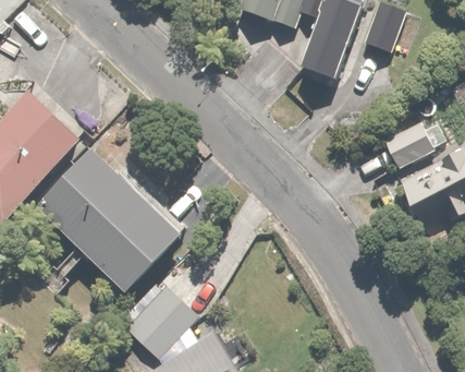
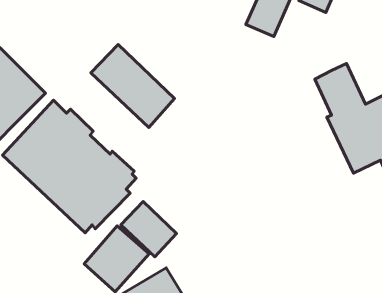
building: none -> [91,45,175,128]
building: none -> [121,201,177,257]

